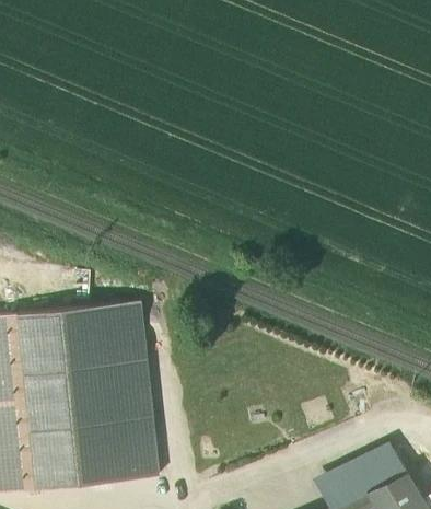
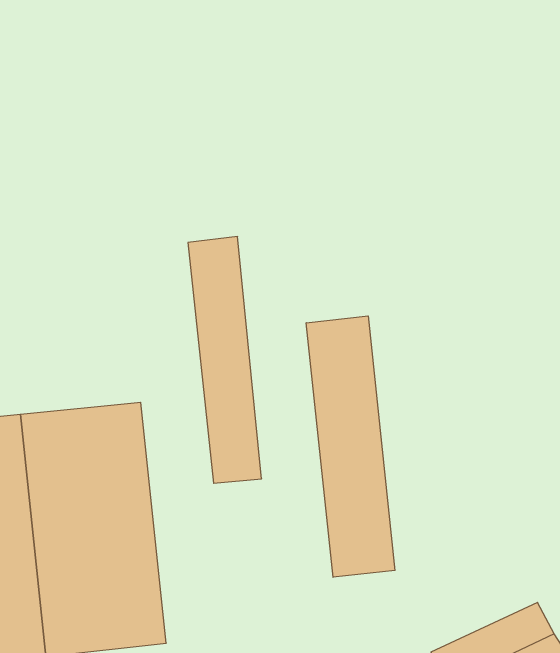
building: none -> [306,316,395,577]
building: [106,301,160,481] -> [188,237,262,483]

